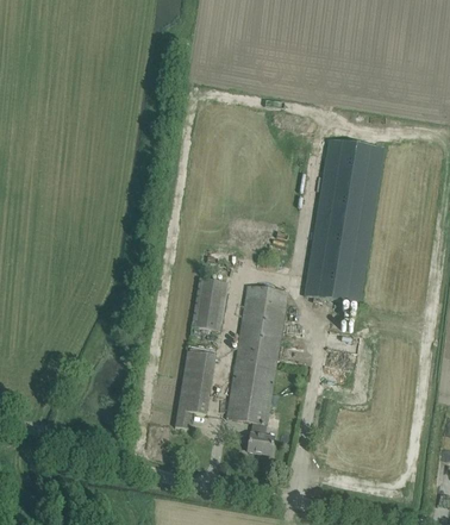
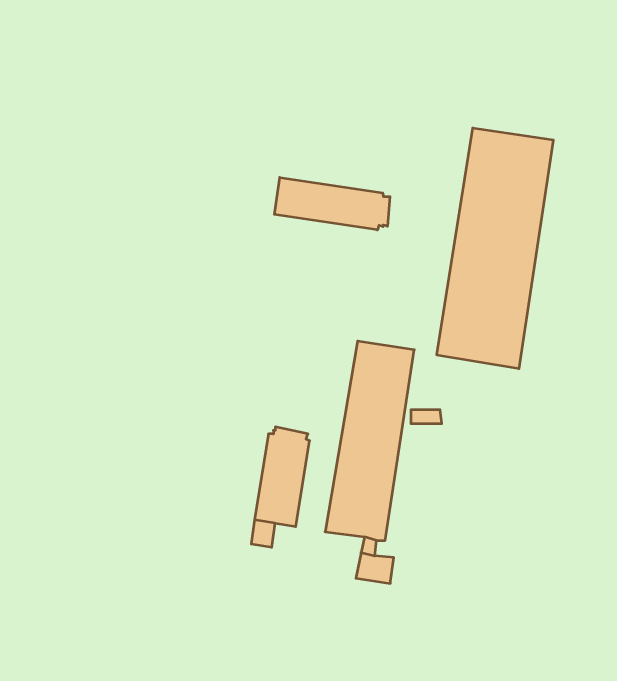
building: none -> [274,177,390,230]
building: [189,276,229,330] -> none

